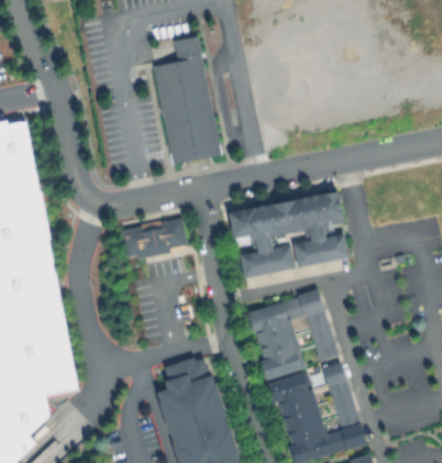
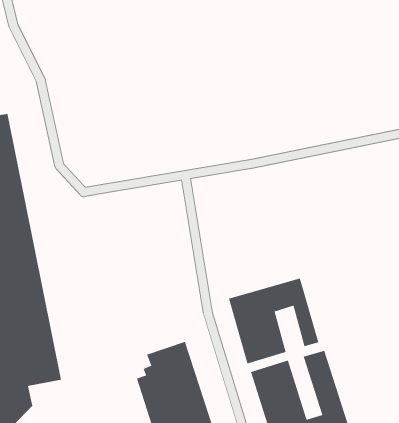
building: [153,35,223,165] -> none
building: [230,188,350,283] -> none
building: [122,218,189,260] -> none

